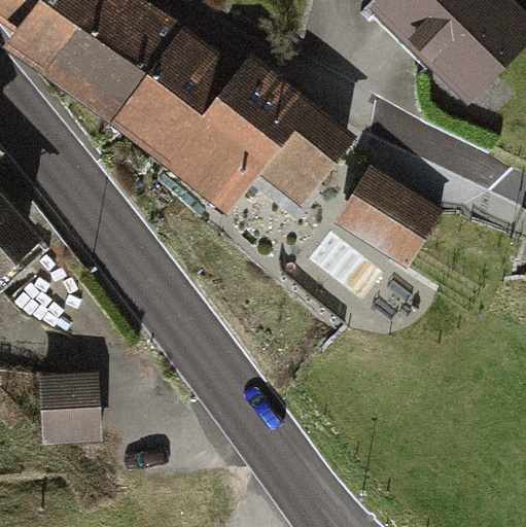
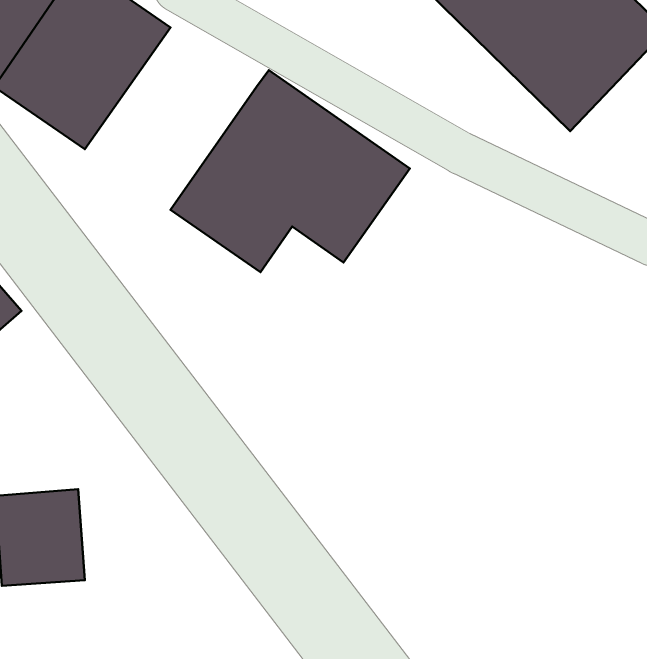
building: [106,28,234,164] -> none
building: [334,168,439,268] -> none

